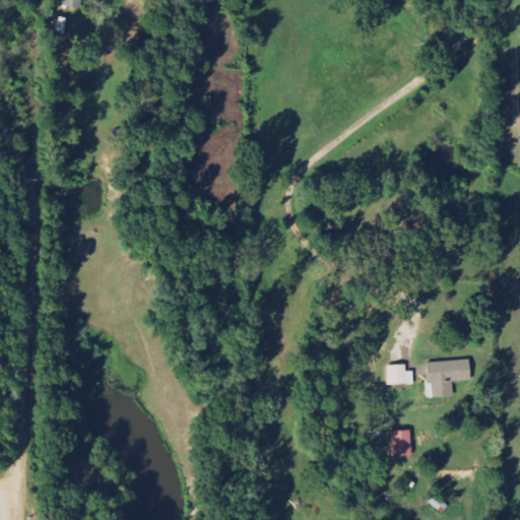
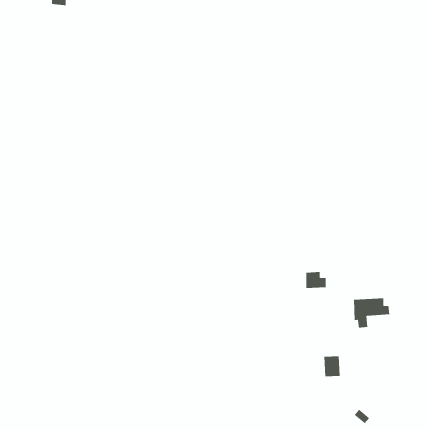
building: [387,364,412,384] -> [305,272,326,288]

